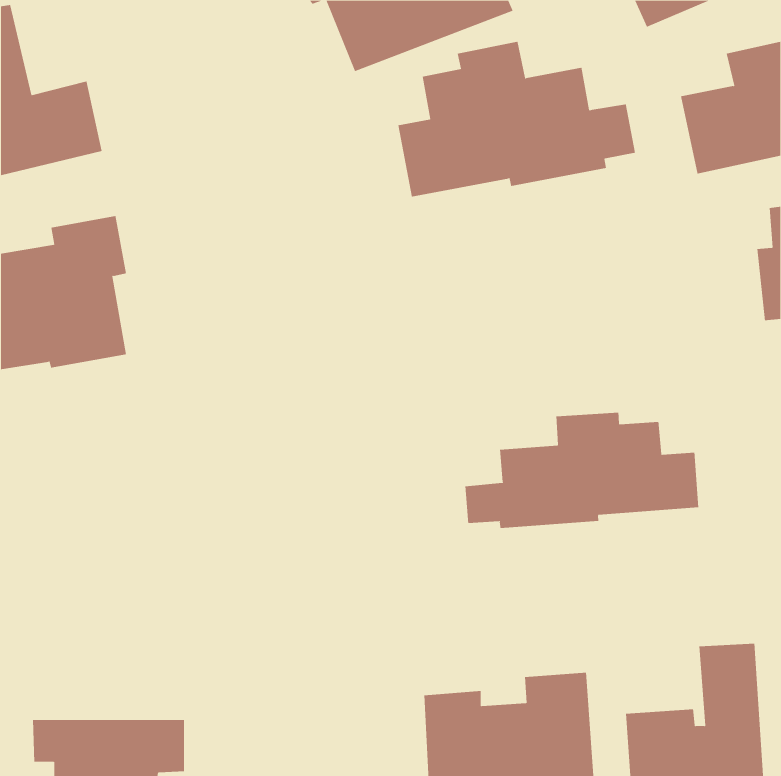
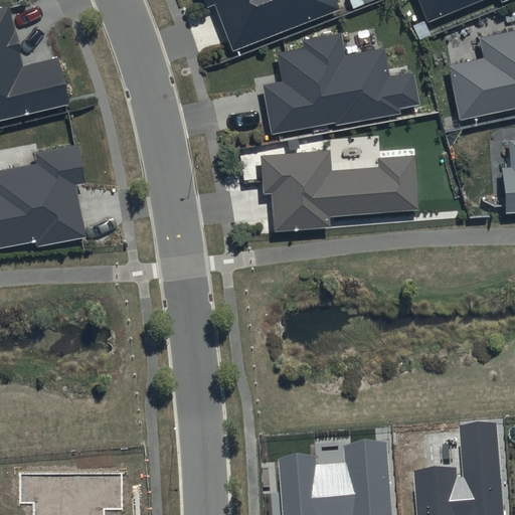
building: none -> [258,148,416,229]
building: [465,412,699,529] -> none

